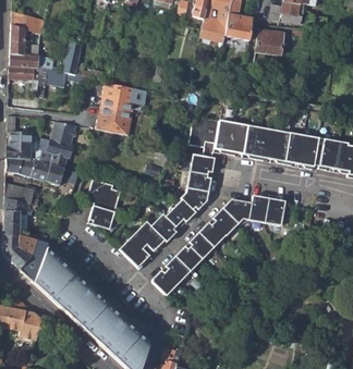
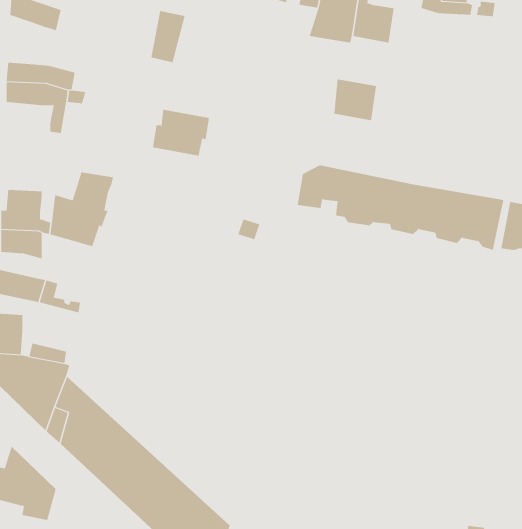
building: [11,24,34,54] -> none
building: [257,29,284,56] -> [333,79,377,121]
building: [62,42,84,75] -> [151,10,186,63]
building: [99,107,132,136] -> none
building: [120,155,216,269] -> none
building: [33,160,80,185] -> none
building: [88,180,122,229] -> none
building: [153,190,290,297] -> none

